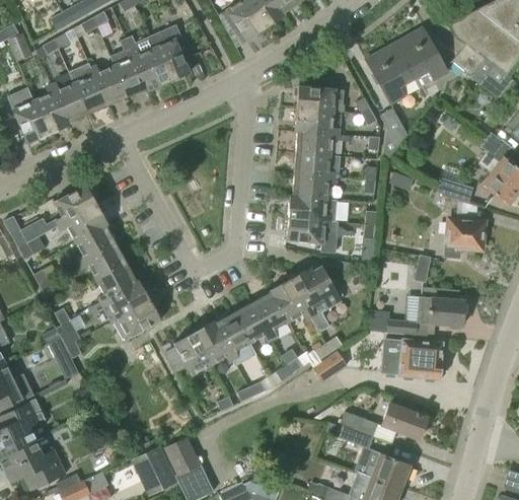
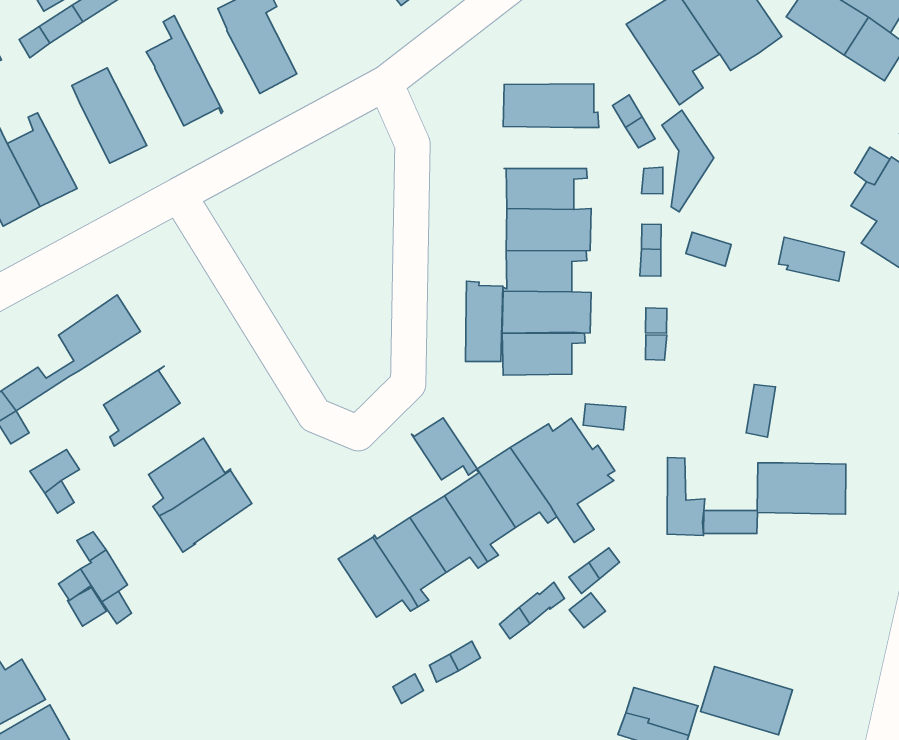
building: [126,38,168,90] -> none
building: [88,63,127,105] -> none
building: [50,82,86,126] -> none
building: [295,109,340,134] -> none
building: none -> [466,281,503,362]
building: [57,204,107,241] -> none
building: [444,219,483,257] -> none
building: [78,243,126,280] -> none
building: none -> [412,418,477,480]
building: [117,299,160,338] -> none
building: [164,332,211,375] -> none
building: [381,339,445,378] -> none

